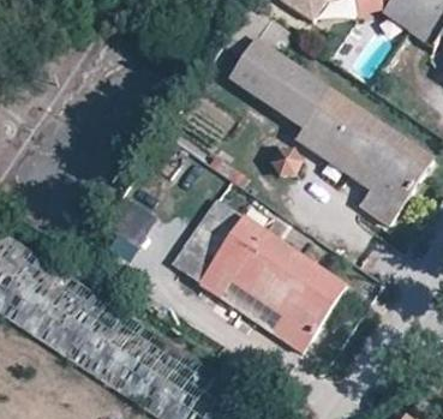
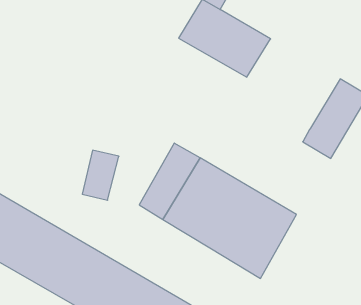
building: [292,88,402,190] -> none

